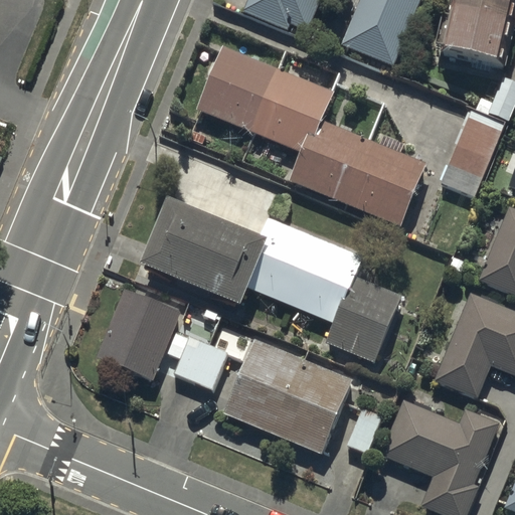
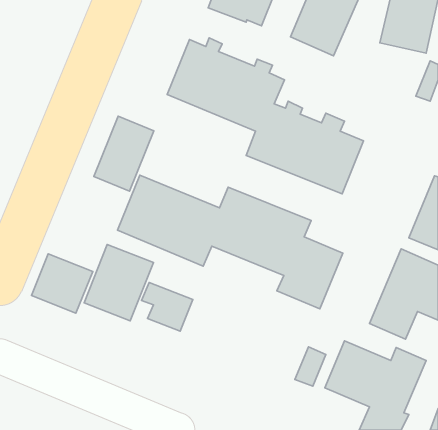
building: [440,109,503,195] -> none
building: none -> [94,116,154,191]
building: none -> [31,254,93,313]
building: [224,340,351,453] -> none

